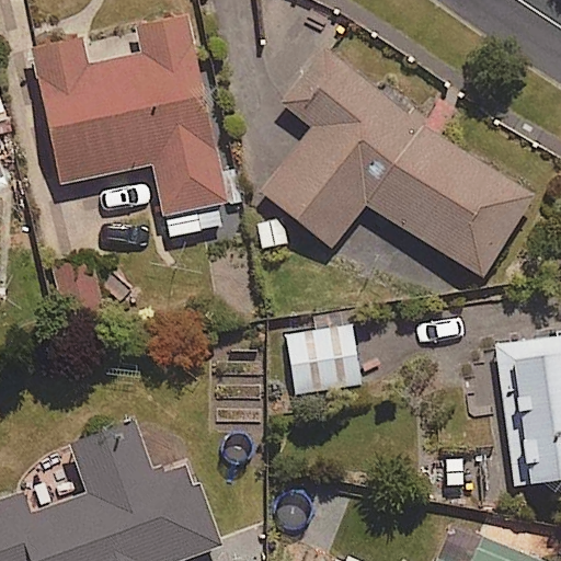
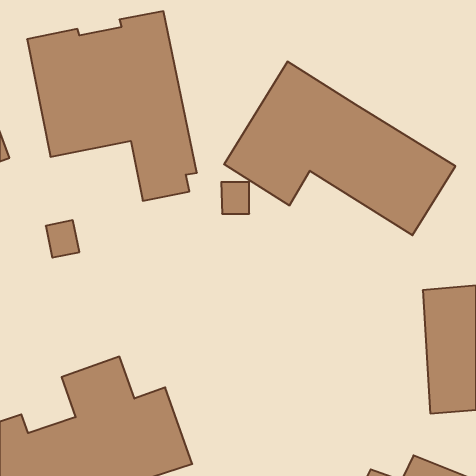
building: [285,325,360,392] -> none

